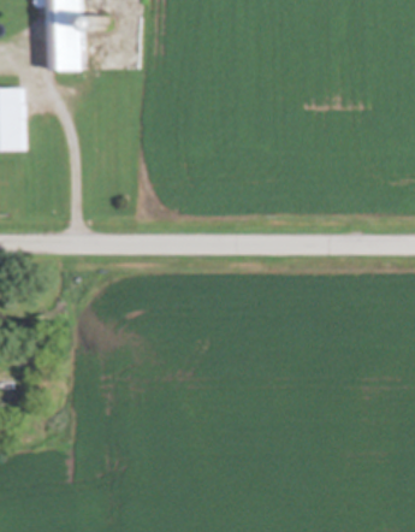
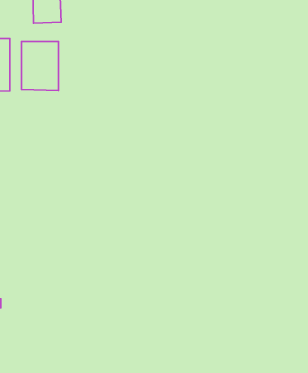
building: none -> [22,41,59,91]

